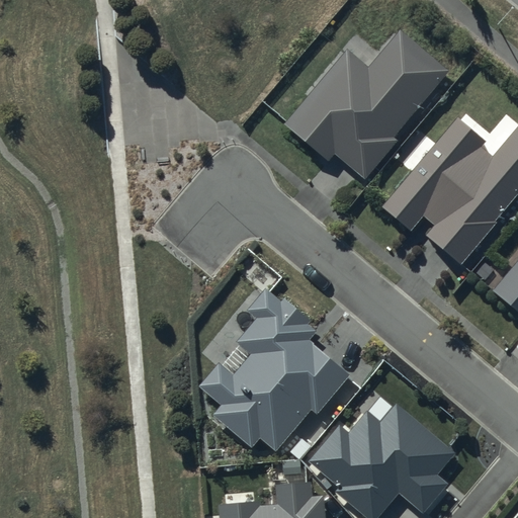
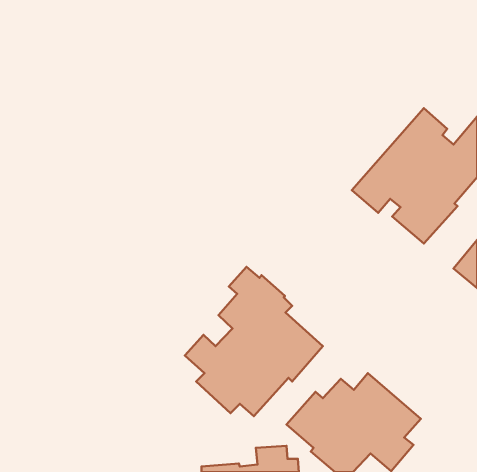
building: [284,29,450,179] -> none

